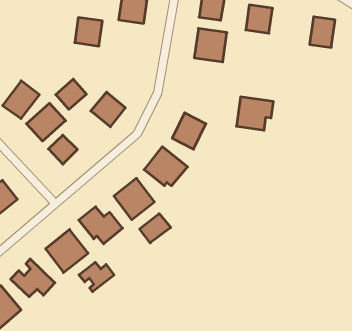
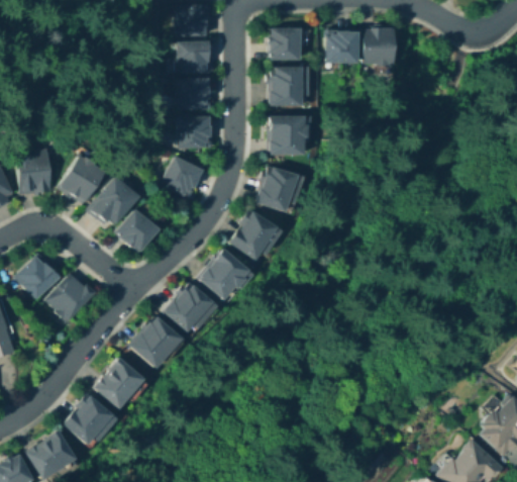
building: [310,17,335,47] -> [366,29,391,62]
building: [75,18,102,46] -> [181,80,209,109]
building: none -> [179,120,208,146]
building: [56,79,86,109] -> none
building: [236,97,273,130] -> [271,119,309,154]
building: [140,214,171,243] -> none
building: [79,262,114,292] -> none

